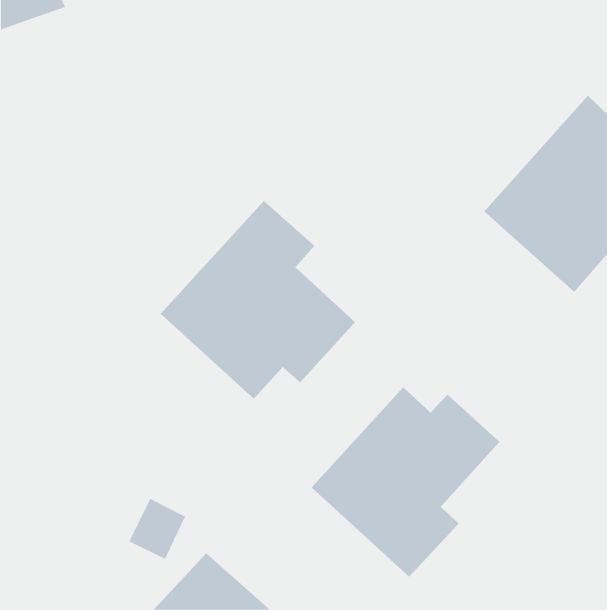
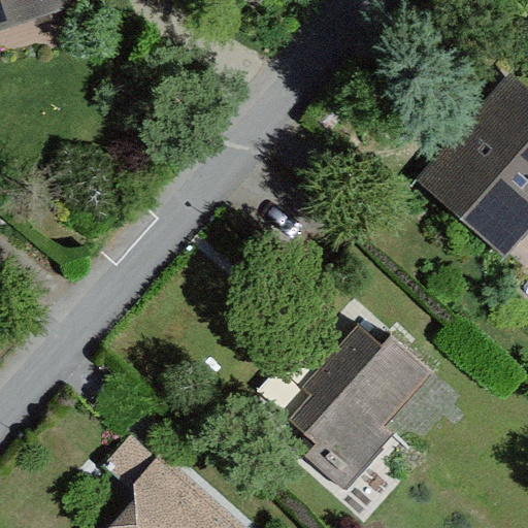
building: [160,200,356,400] -> none

